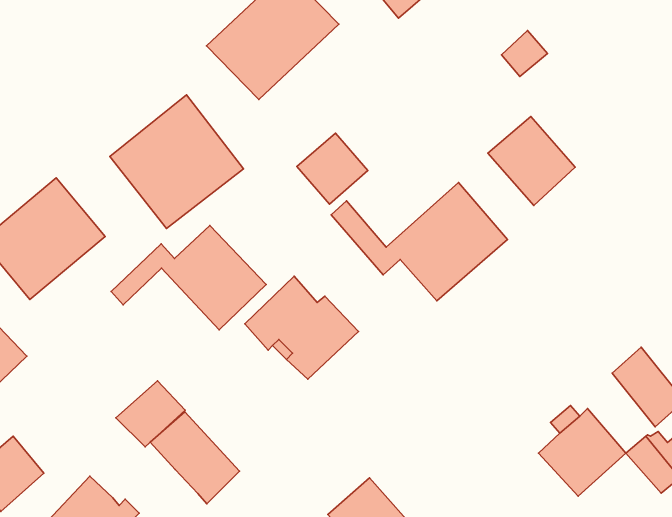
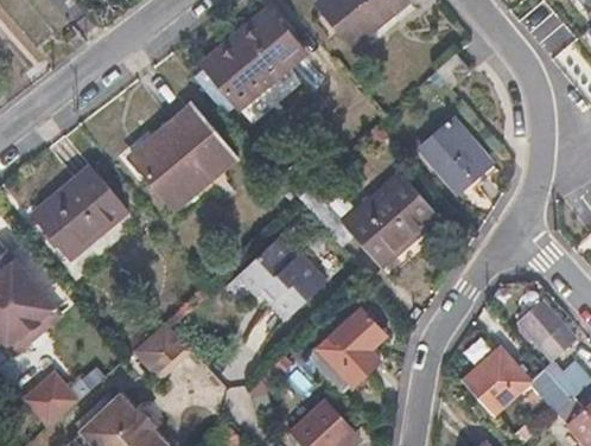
building: [297,133,368,204] -> none
building: [111,225,266,330] -> none
building: none -> [316,307,393,389]
building: [150,412,240,504] -> none

